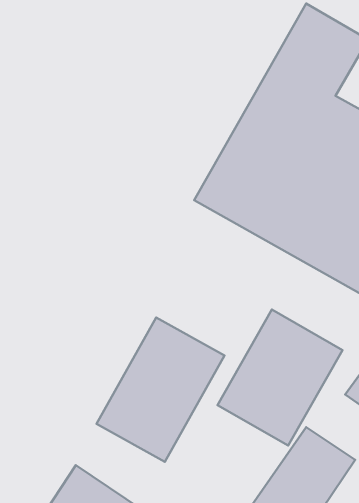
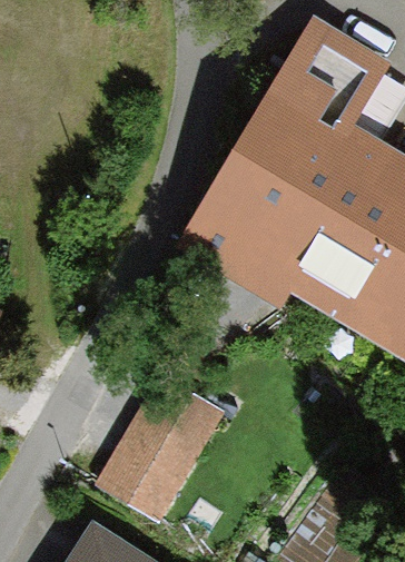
building: [218,310,342,446] -> none

